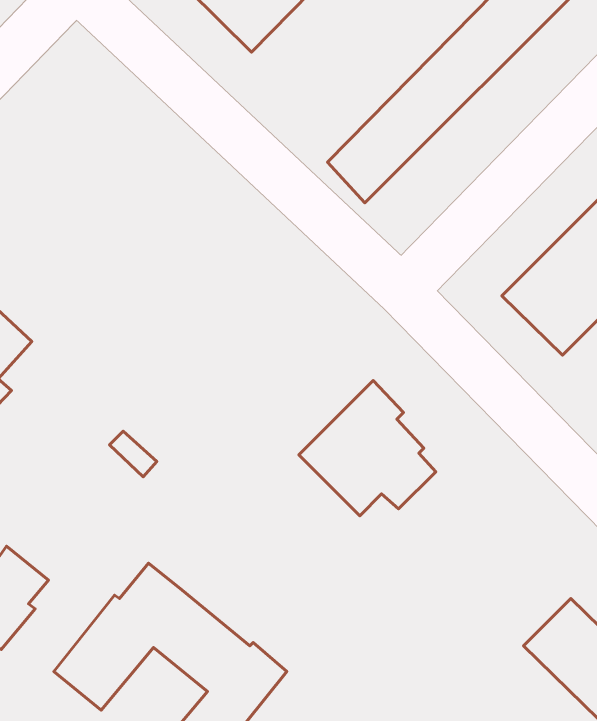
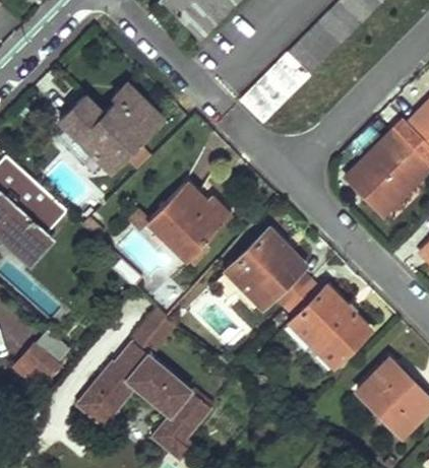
building: none -> [58,82,163,170]
building: none -> [148,185,229,261]
building: none -> [283,284,366,366]
building: none -> [132,308,178,355]

